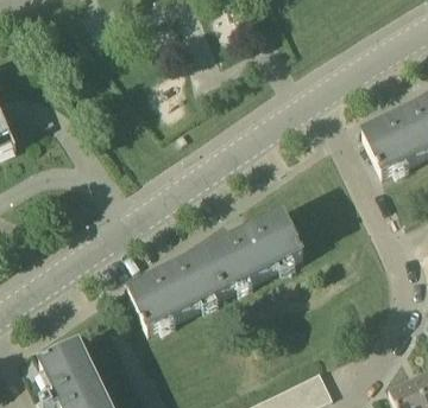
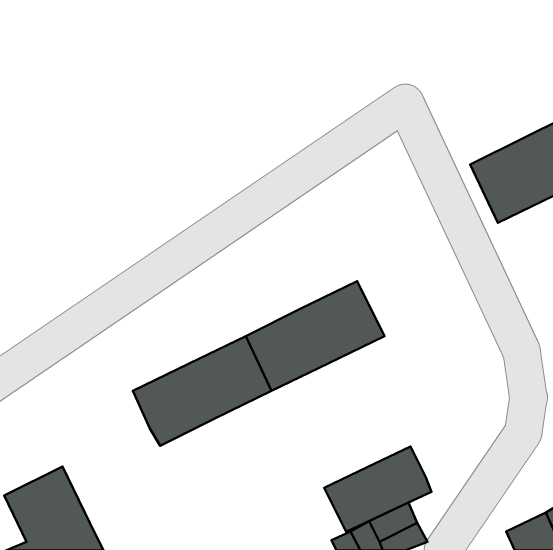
building: none -> [324,446,431,532]

